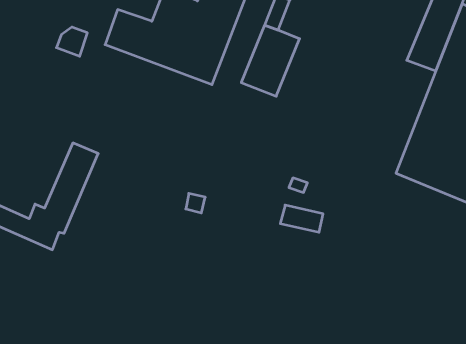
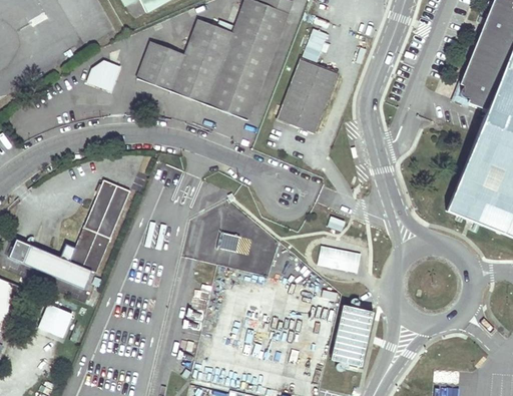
building: none -> [38,302,74,338]
building: none -> [332,303,376,366]

